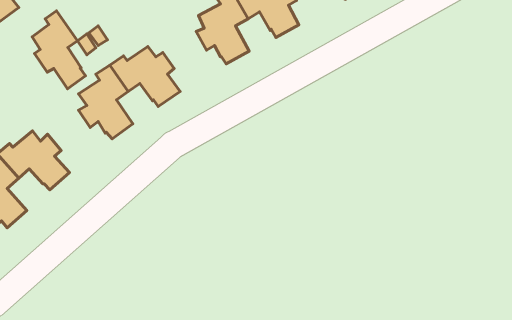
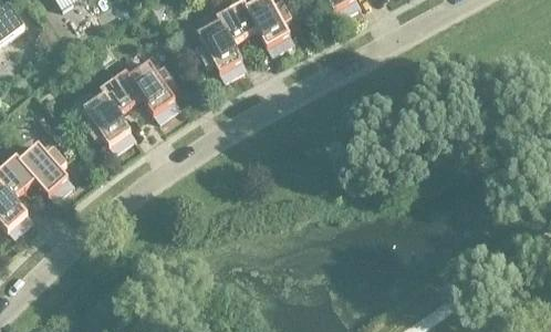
building: [32,11,86,89] -> none

